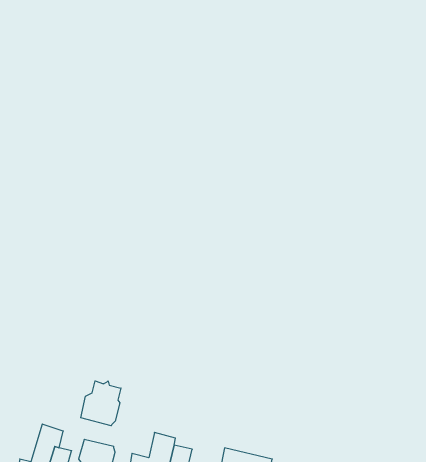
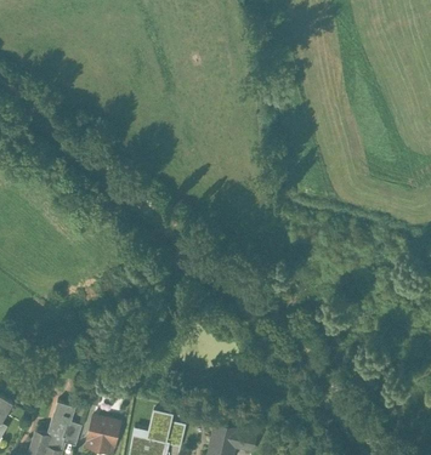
building: [81,381,121,426] -> none

